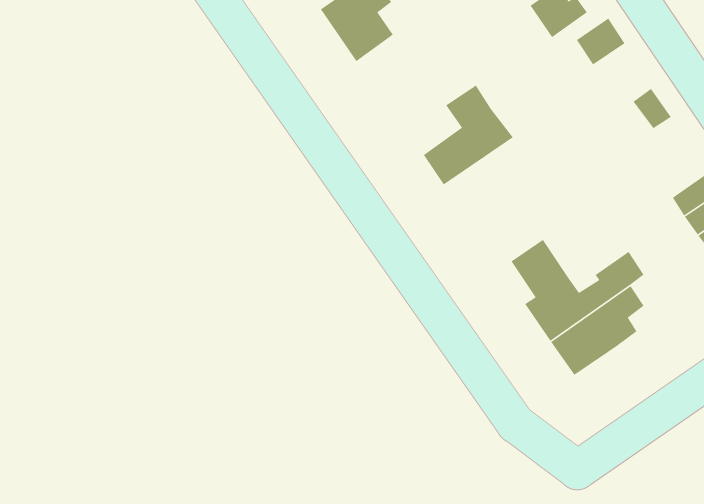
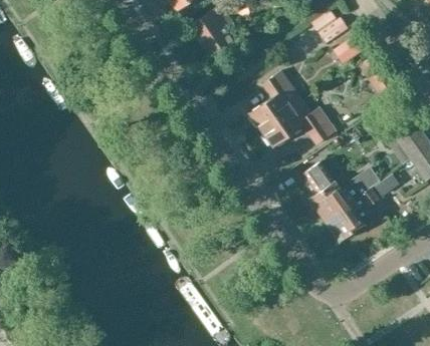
building: none -> [262,102,338,145]

